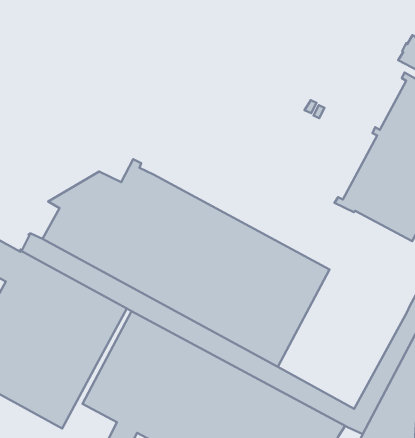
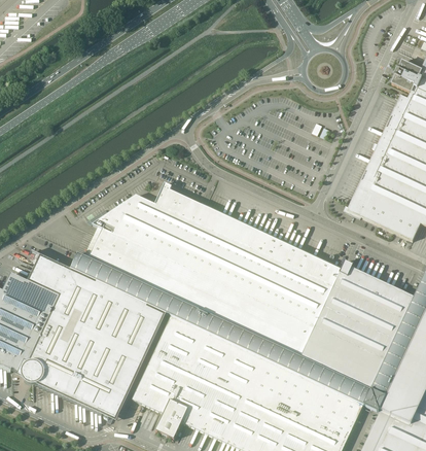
building: none -> [301,262,414,390]

